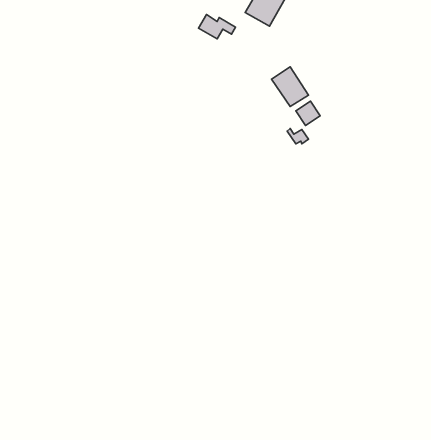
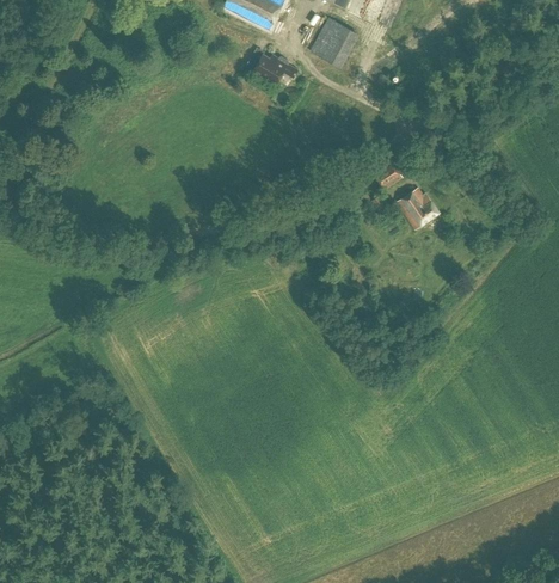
building: [272,67,309,106] -> none
building: none -> [394,186,437,228]

